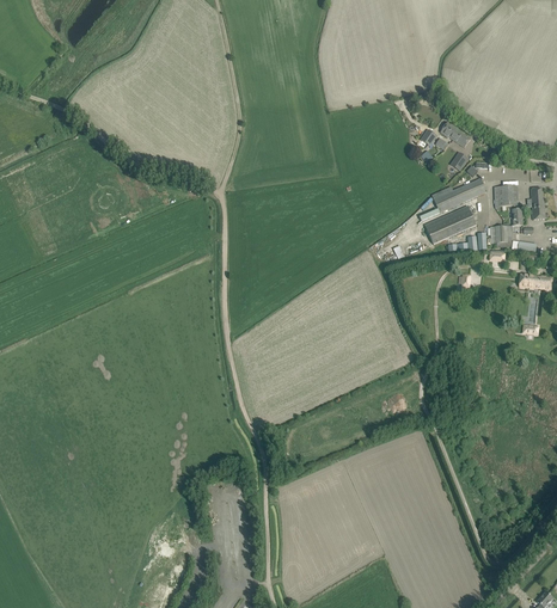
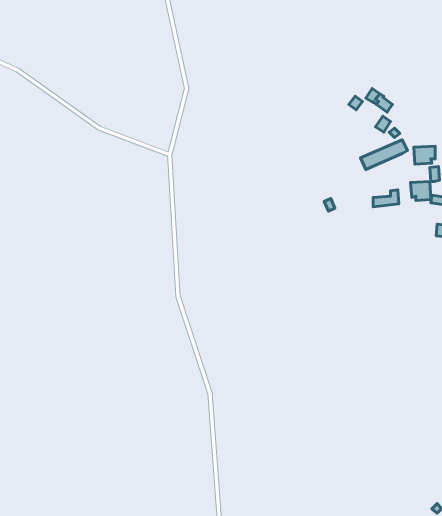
building: [424,204,476,244] -> none

